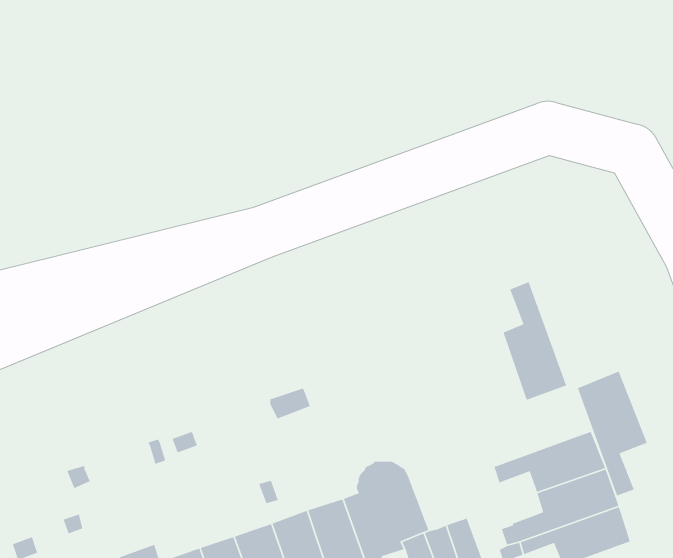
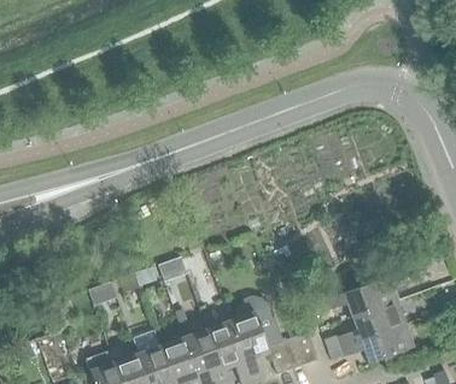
building: [503,281,567,401] -> none
building: [577,371,648,496] -> none

